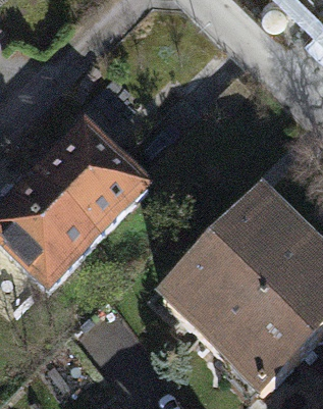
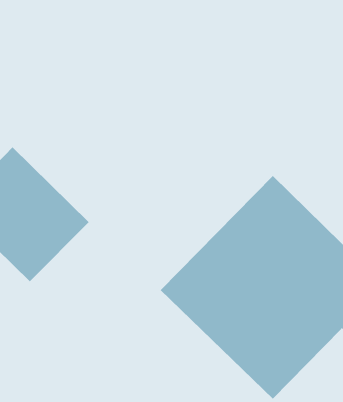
building: [29,115,147,233] -> none

